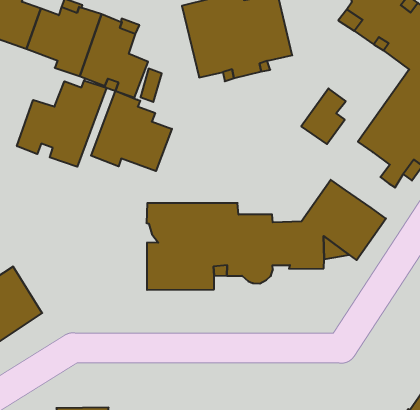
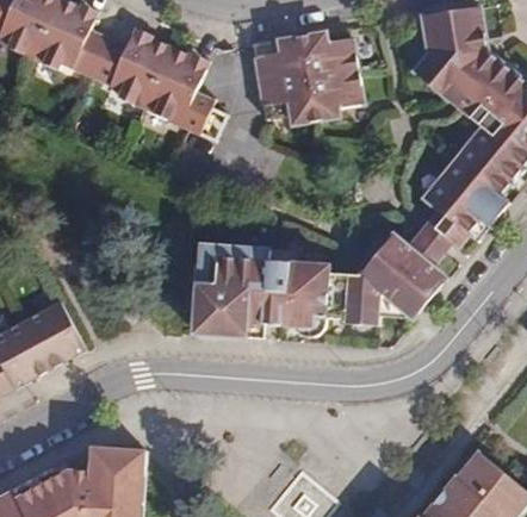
building: [17,80,107,167] -> none
building: [301,88,346,144] -> [407,208,454,266]
building: [91,91,172,171] -> none

